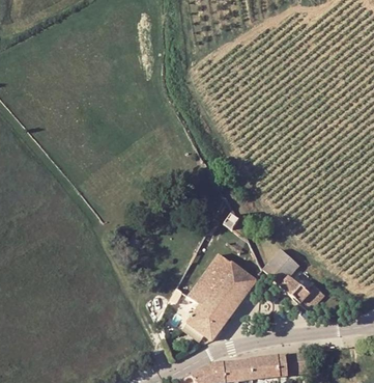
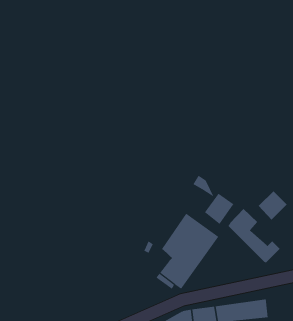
building: none -> [258,190,287,220]
building: none -> [204,193,234,225]

